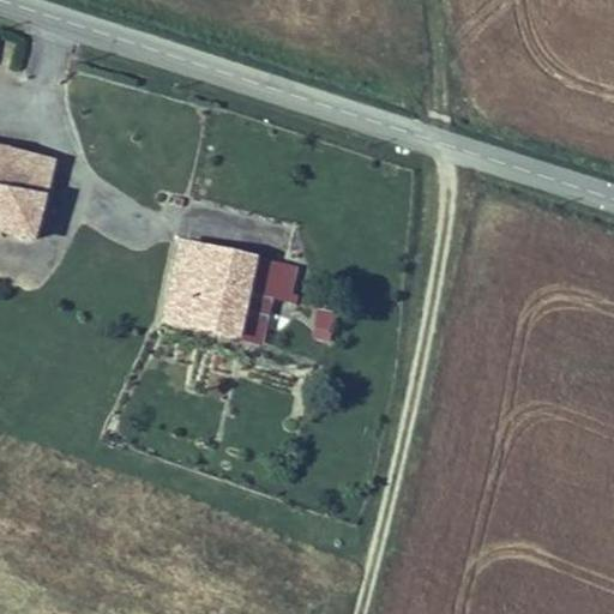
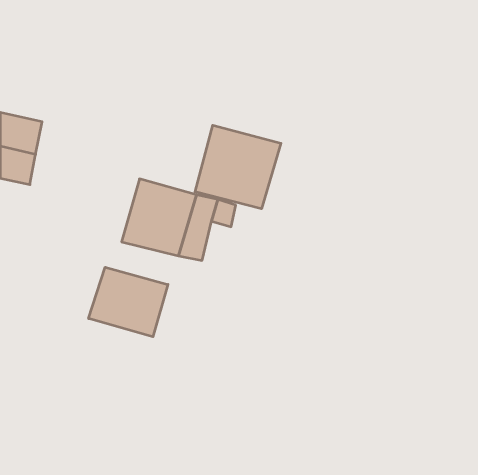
building: none -> [195,125,281,209]
building: none -> [89,267,168,337]

